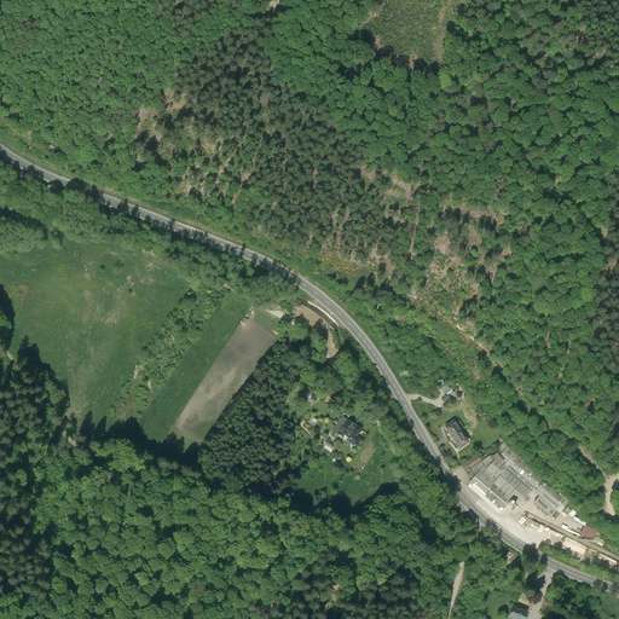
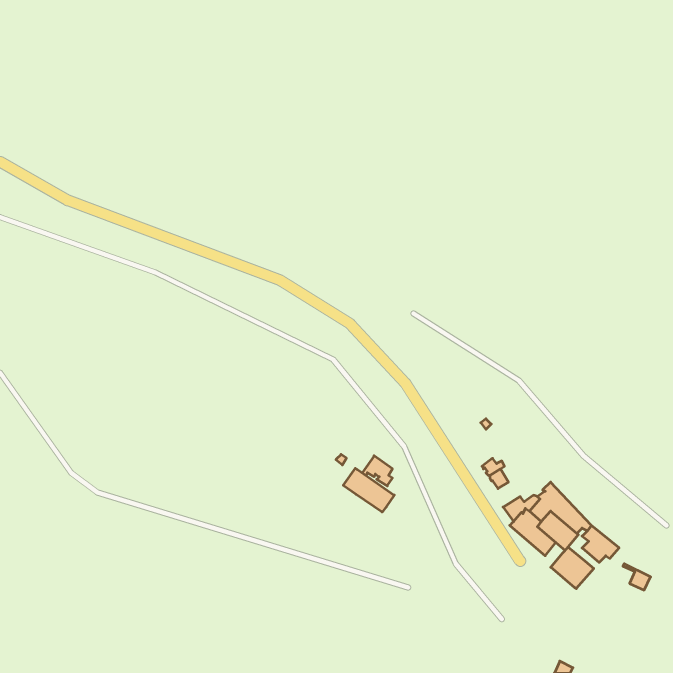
building: none -> [343,468,394,512]
building: none -> [551,547,594,589]

